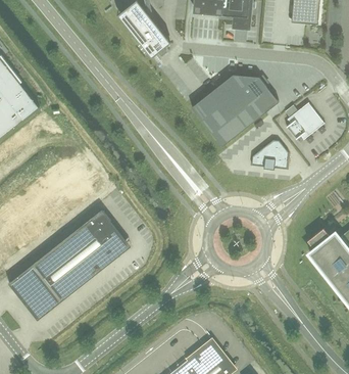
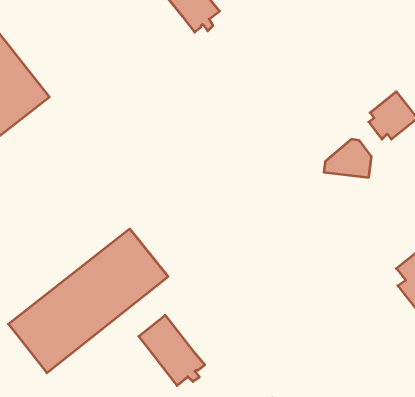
building: [191,75,278,146] -> none
building: none -> [139,315,205,386]

